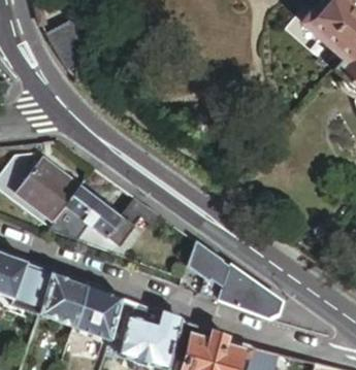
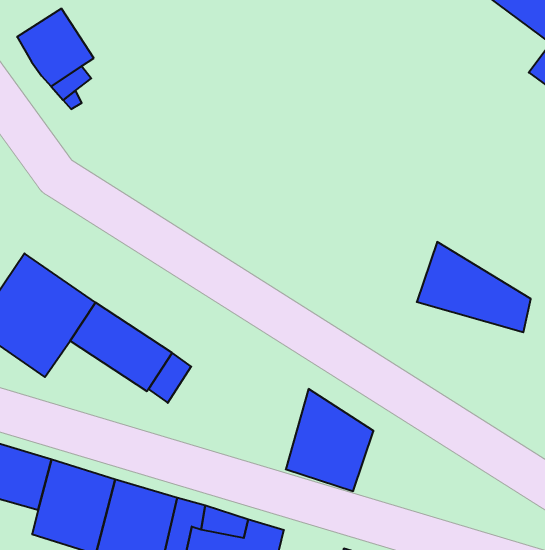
building: [220,268,284,322] -> [417,242,531,332]

